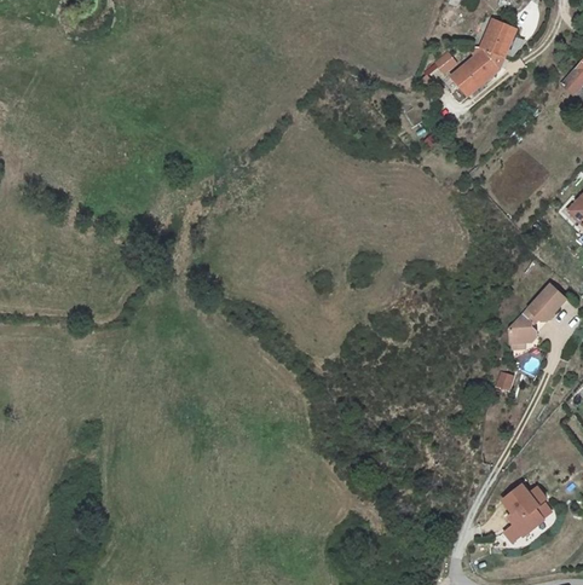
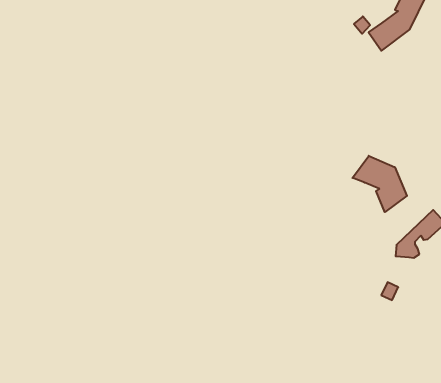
building: none -> [352,156,407,212]

